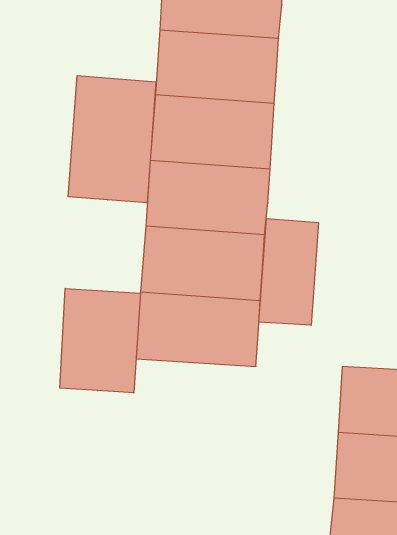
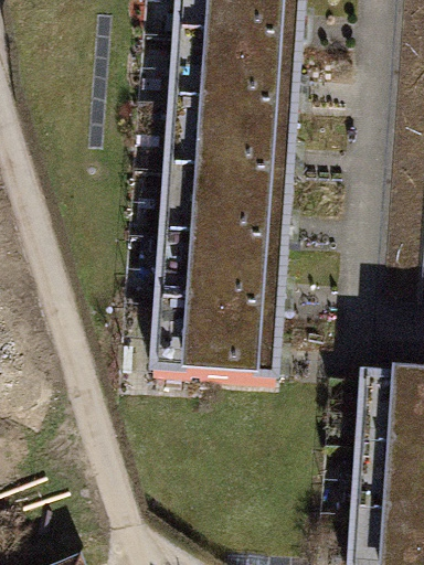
building: [68,76,156,203] -> none
building: [259,218,318,325] -> none
building: [60,288,140,393] -> none

